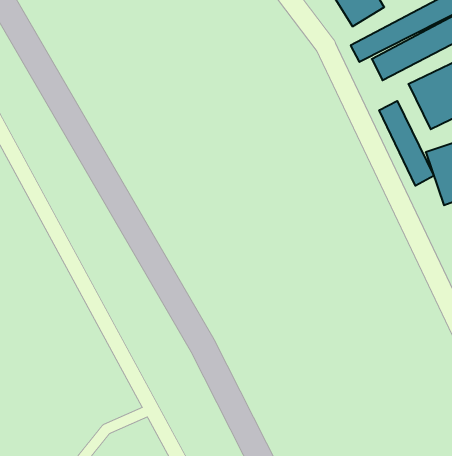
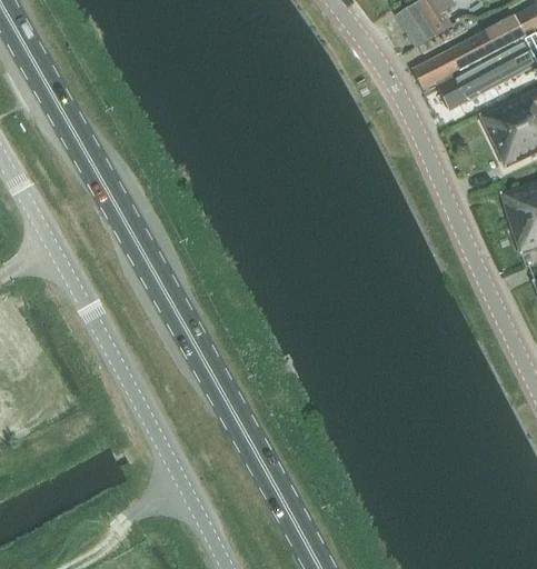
building: [379,101,434,186] -> none

